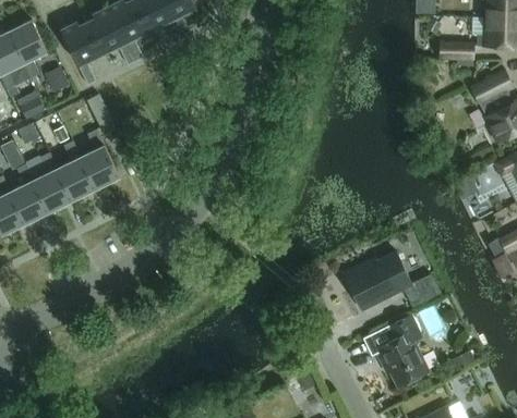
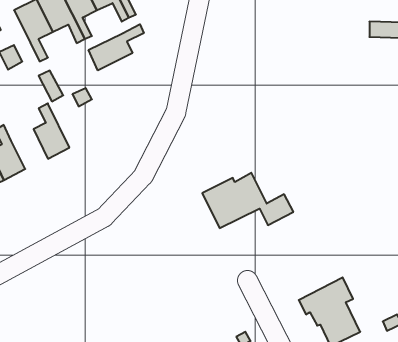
building: none -> [89,24,144,70]
building: [57,142,96,199] -> none
building: [342,251,440,310] -> [202,173,293,228]

